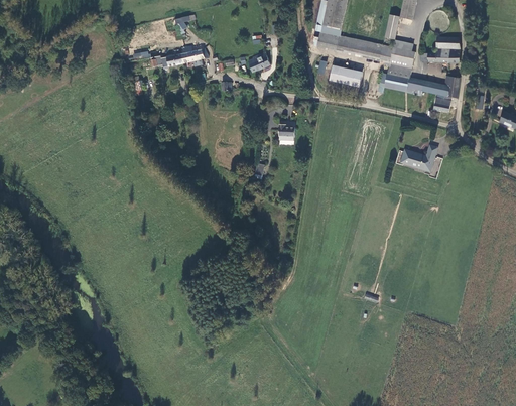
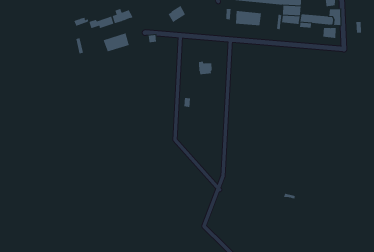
building: none -> [103,33,130,52]
building: [400,144,438,170] -> none

